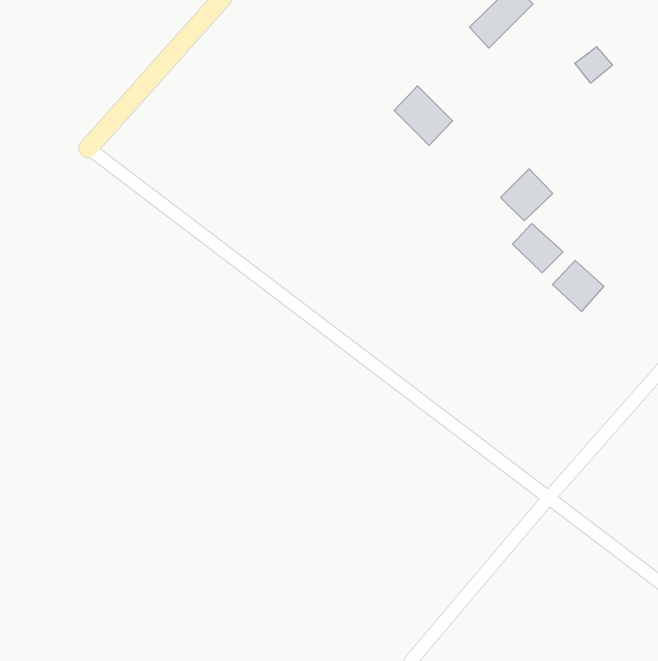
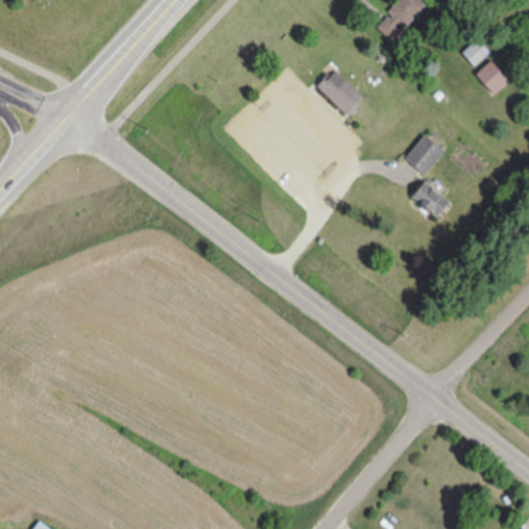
building: none -> [478,65,507,95]
building: [553,261,604,311] -> none

